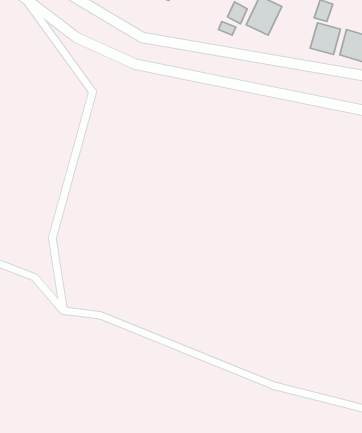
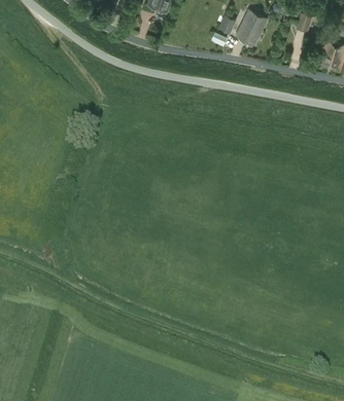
building: [310,23,341,55] -> none

